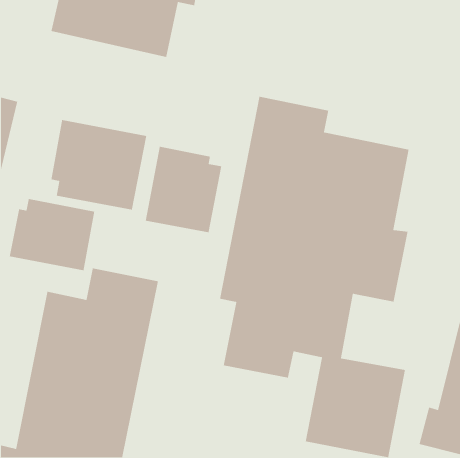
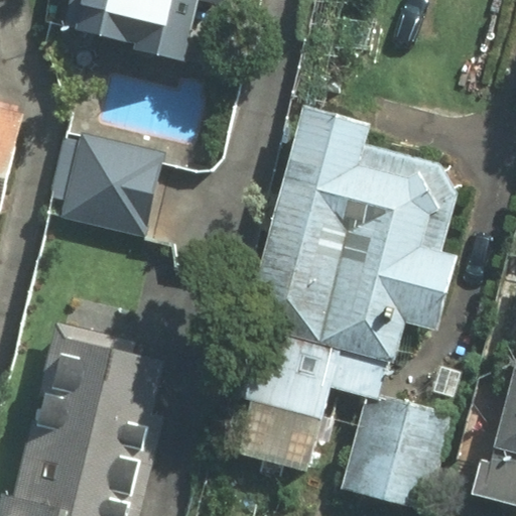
building: [145,146,222,233] -> none
building: [9,198,95,271] -> none

